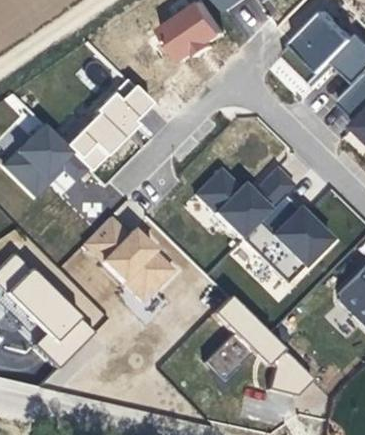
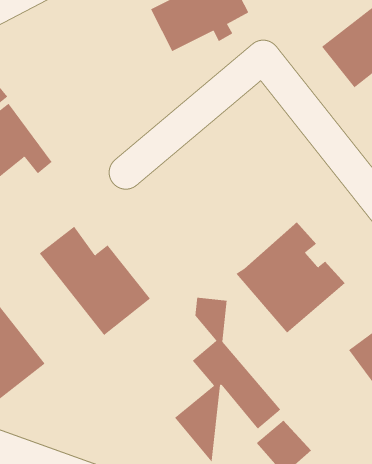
building: [64,77,157,168] -> none
building: [198,170,292,236] -> none

